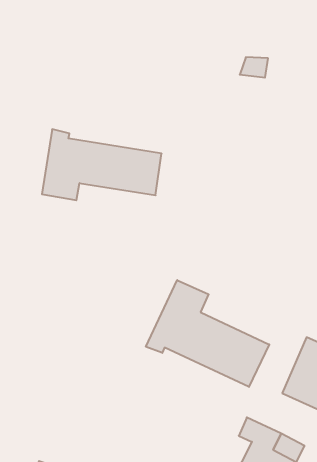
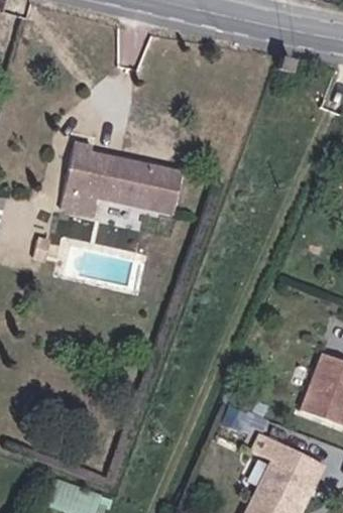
building: [146,280,269,387] -> none

